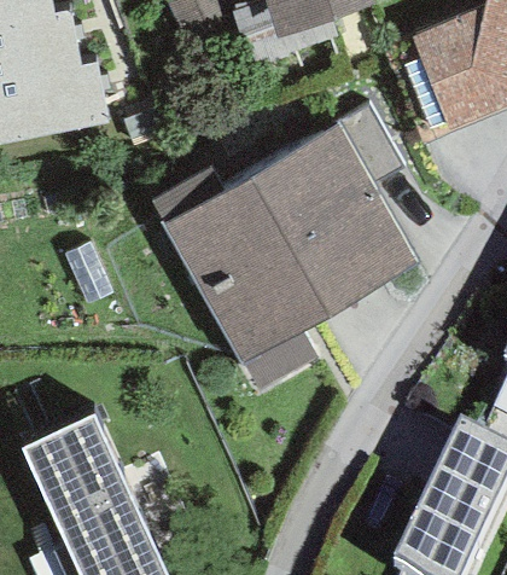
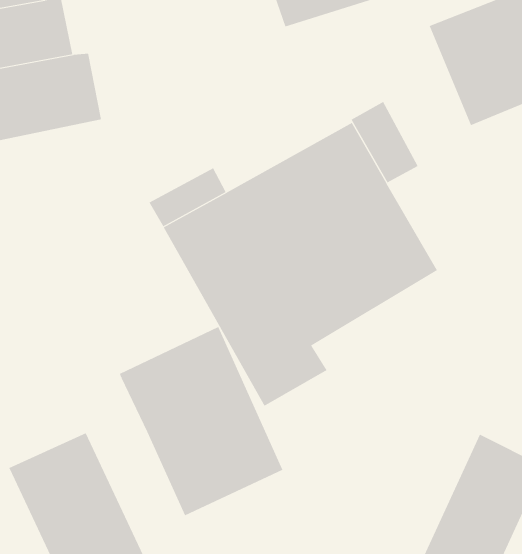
building: none -> [119,326,283,516]

